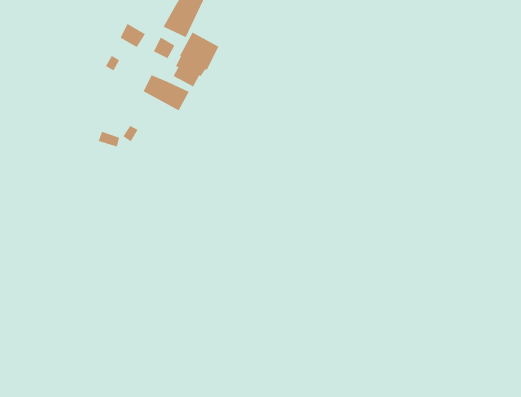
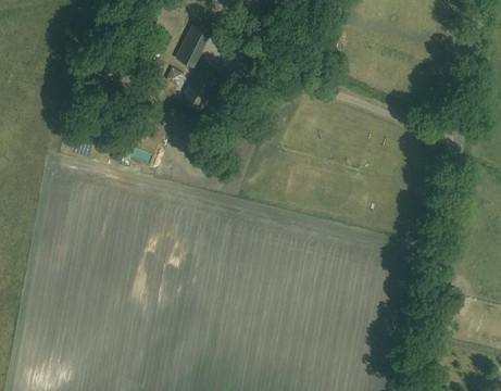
building: [143,75,190,111] -> none

